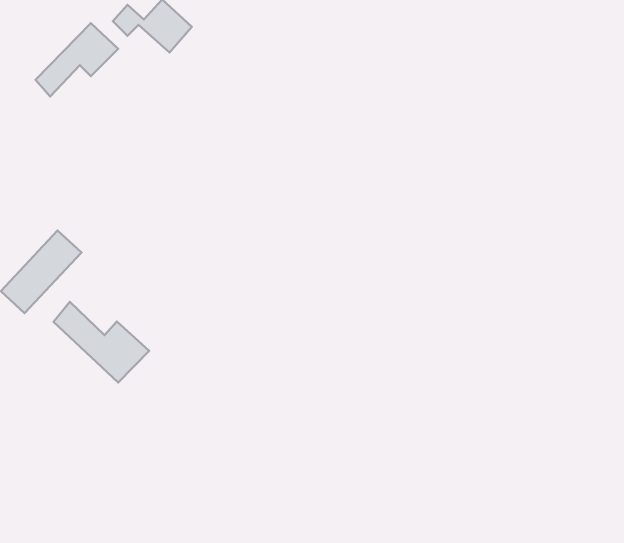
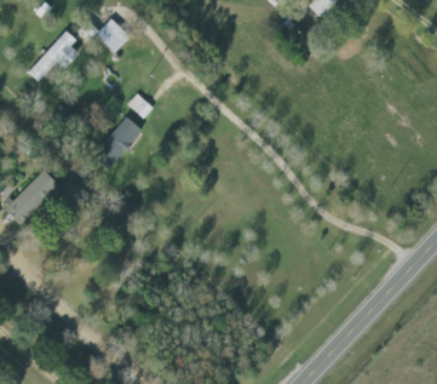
building: none -> [93,116,144,171]
building: [54,302,149,383] -> none

